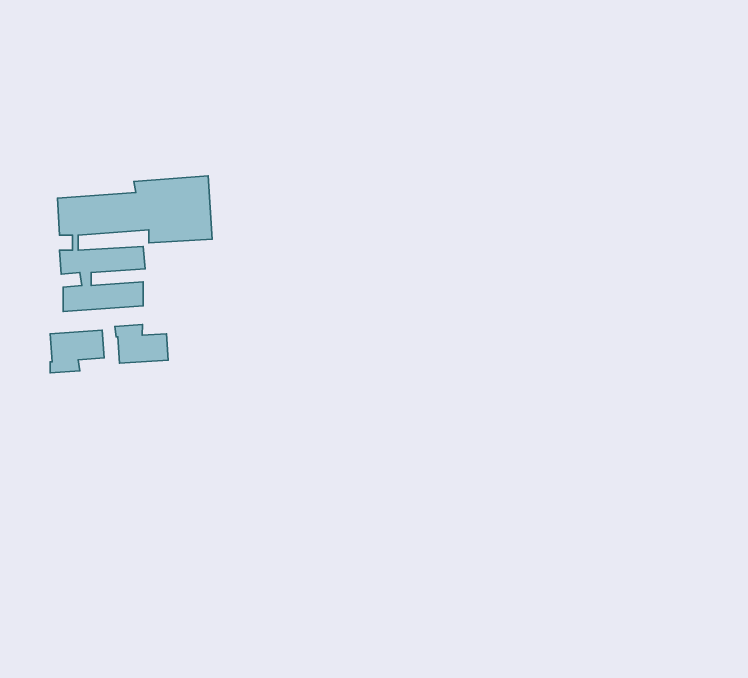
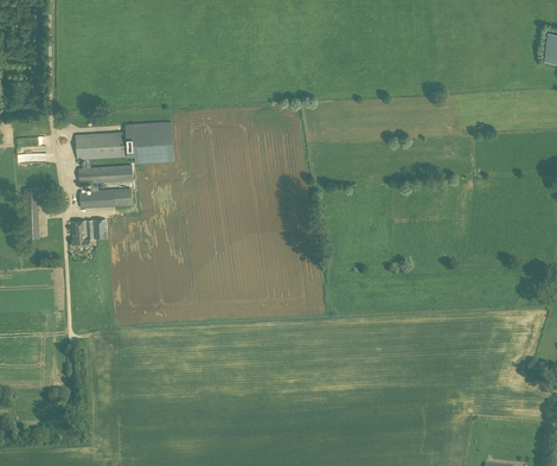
building: [115,325,168,363] -> none

